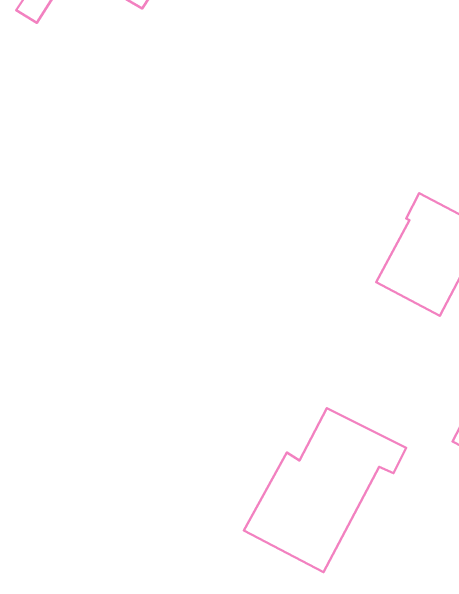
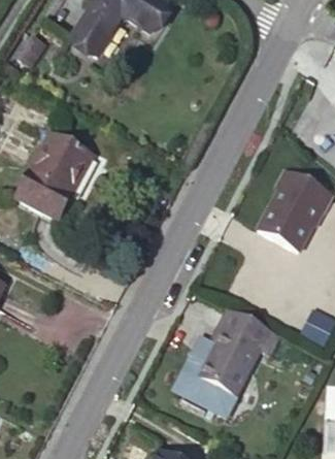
building: none -> [21,133,95,217]

